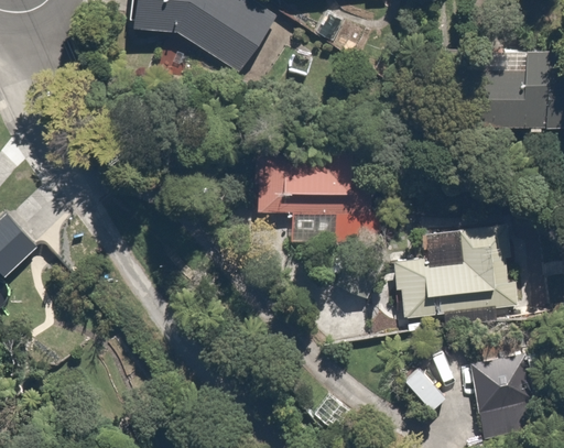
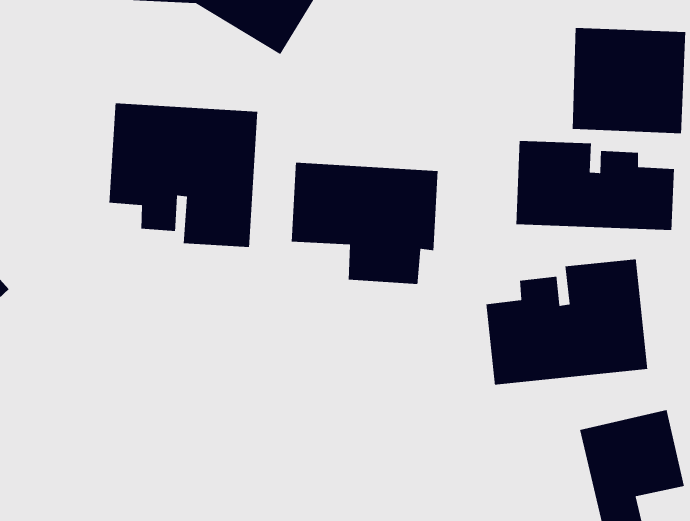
building: none -> [109,102,258,248]
building: none -> [515,140,675,231]

